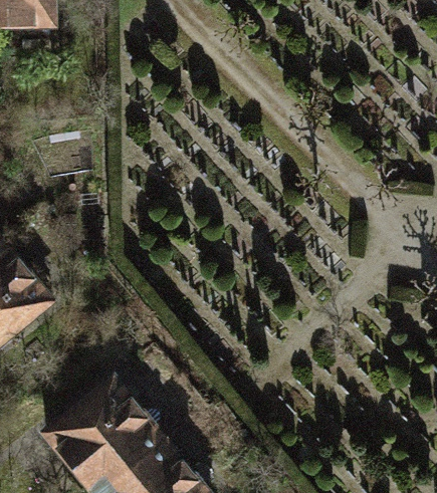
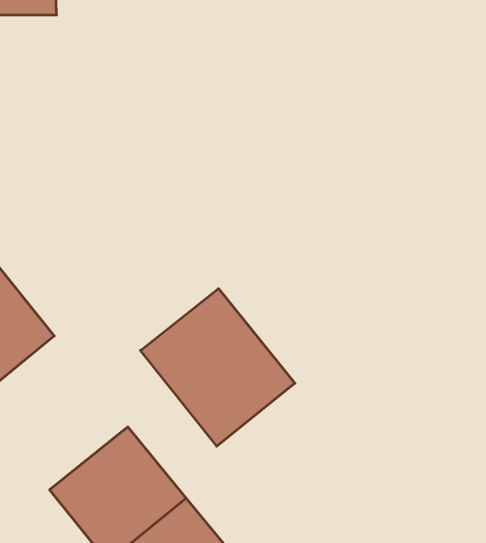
building: none -> [140,289,295,446]

